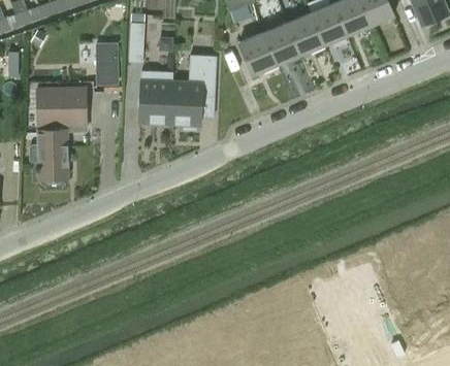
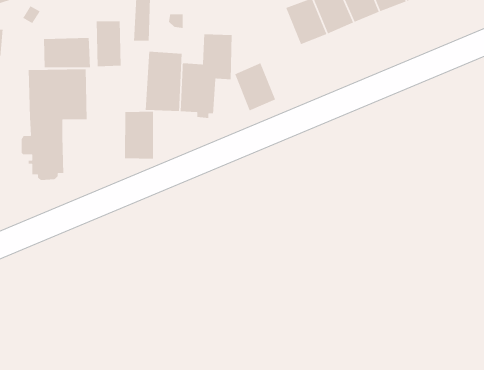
building: [239,32,277,75] -> [234,62,276,111]
building: none -> [43,37,91,68]
building: none -> [124,111,154,159]

